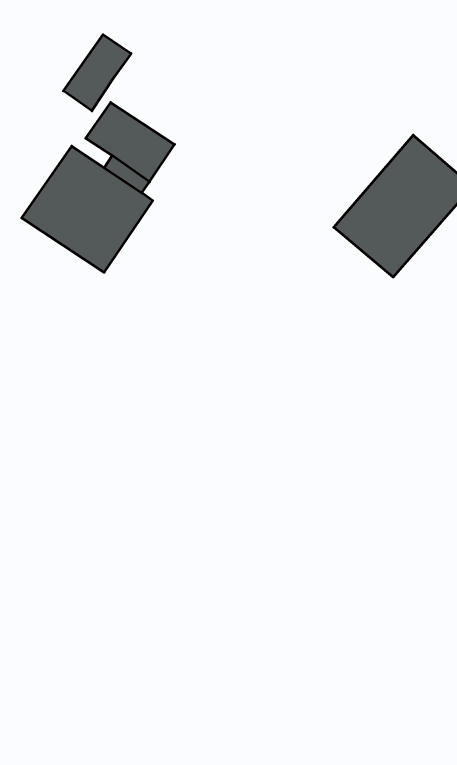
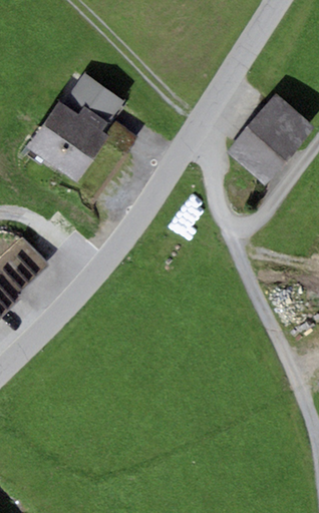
building: [63,35,131,111] -> none

